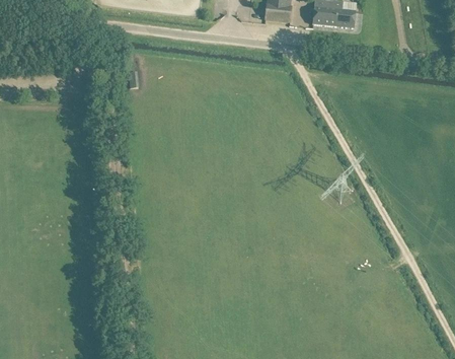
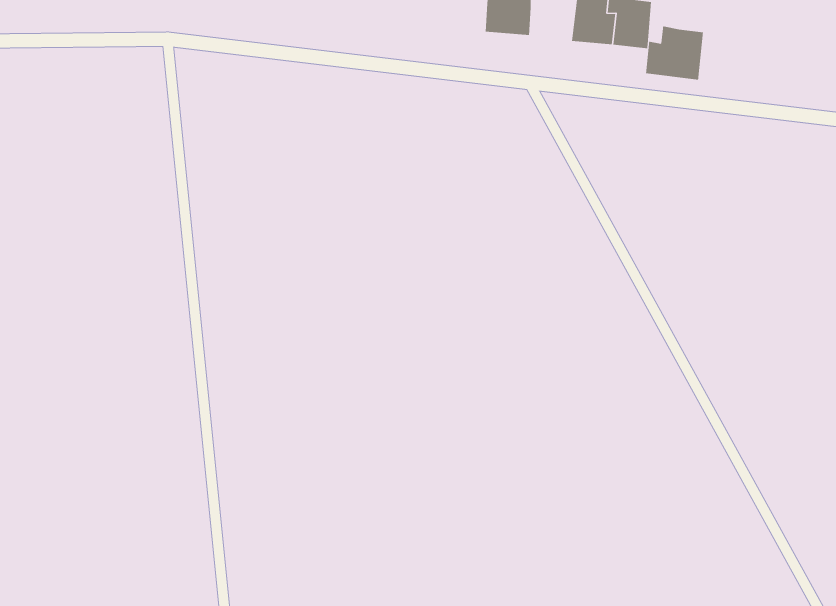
building: none -> [645,26,704,81]

